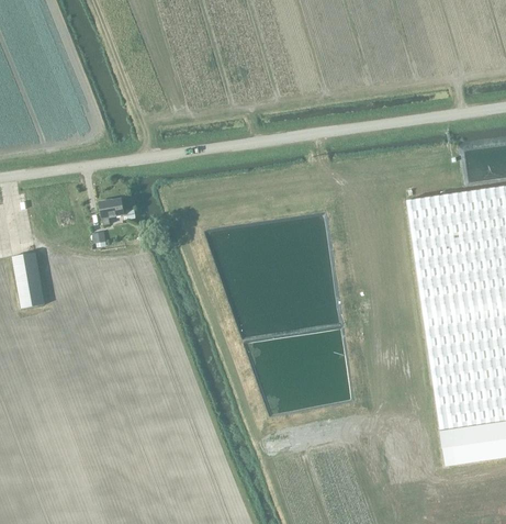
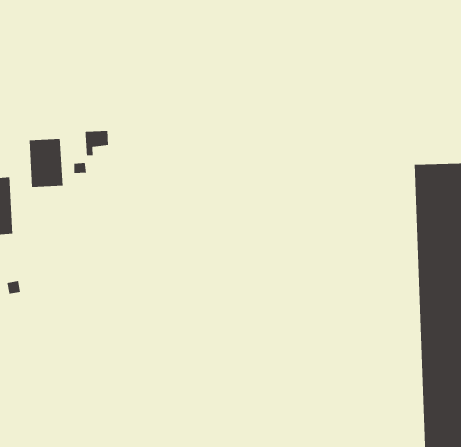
building: none -> [28,138,64,188]

